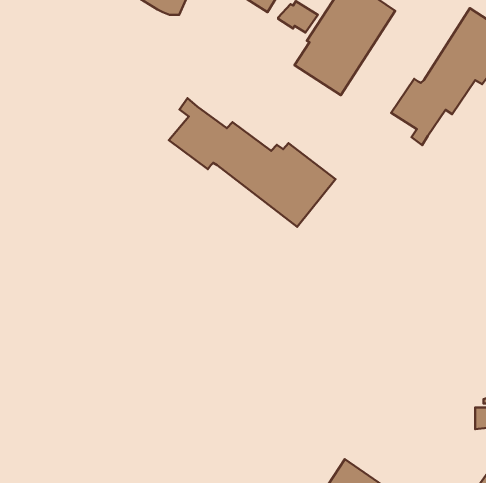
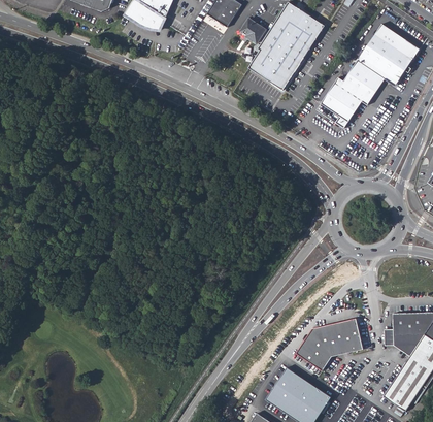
building: [169,98,335,227] -> none
building: none -> [296,318,363,369]

